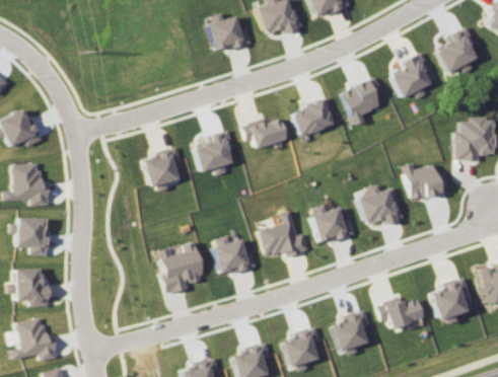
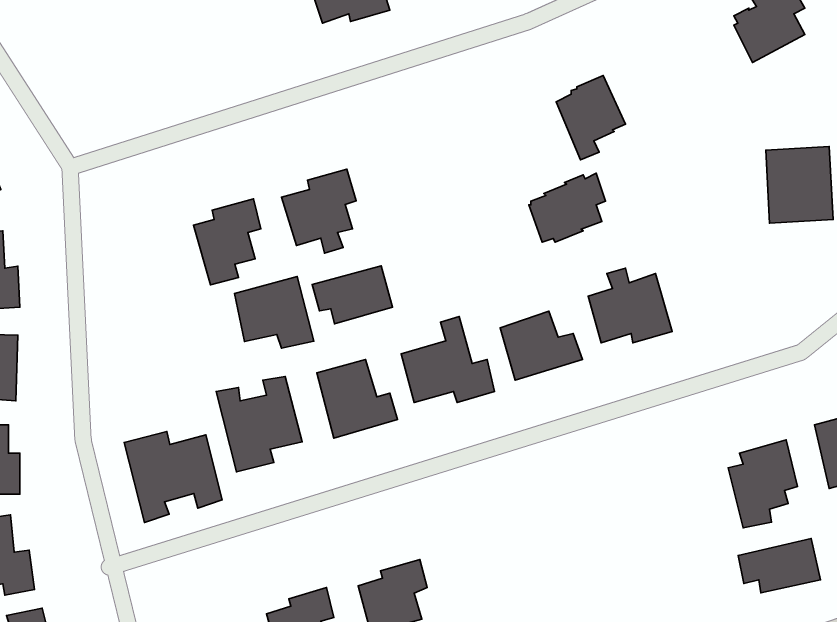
building: [390,53,437,100] -> none
building: [293,97,335,135] -> [529,173,606,242]
building: [242,118,286,149] -> [312,266,392,324]
building: [403,164,449,202] -> none
building: none -> [234,277,314,348]
building: none -> [124,431,222,523]
building: [380,298,425,327] -> [738,539,821,593]
building: [334,310,371,358] -> none
building: [283,329,322,372] -> none

